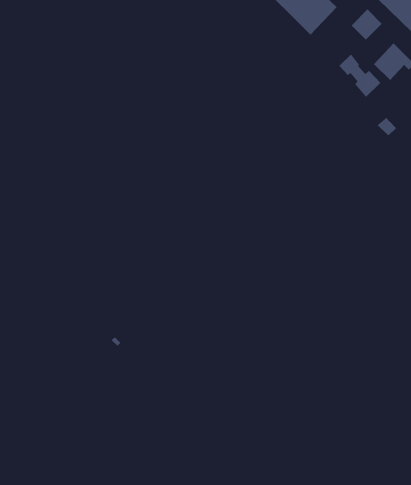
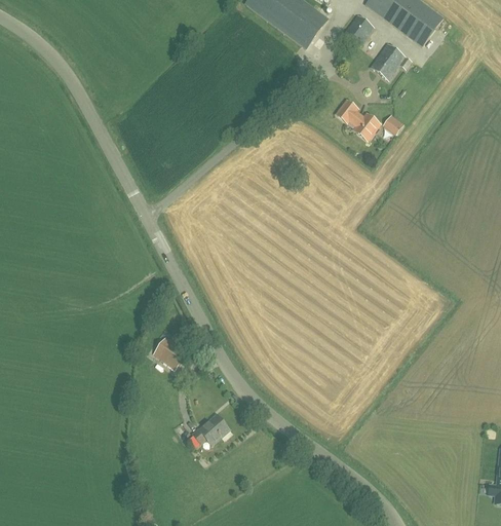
building: [338,54,381,98] -> [337,100,380,140]
building: none -> [153,336,187,369]
building: none -> [193,414,229,444]

